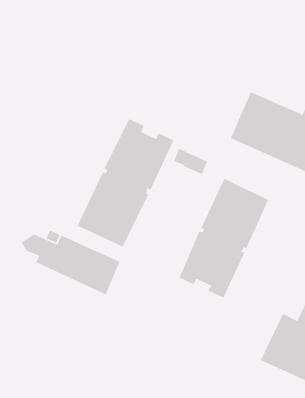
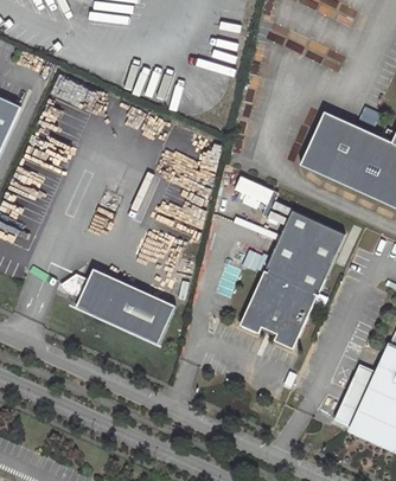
building: [77,118,175,248] -> none

